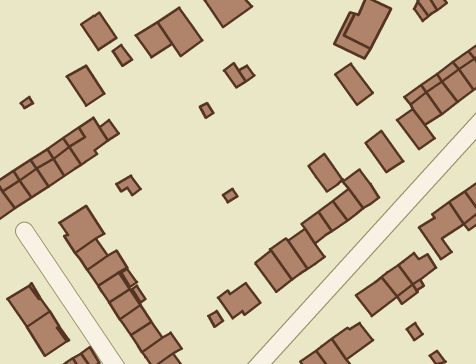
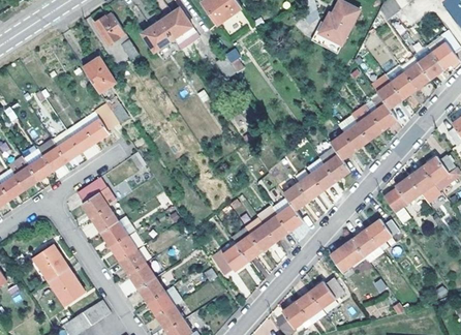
building: [335,64,373,105] -> [351,104,383,140]
building: [309,154,343,191] -> [327,127,356,159]
building: none -> [230,227,262,261]

